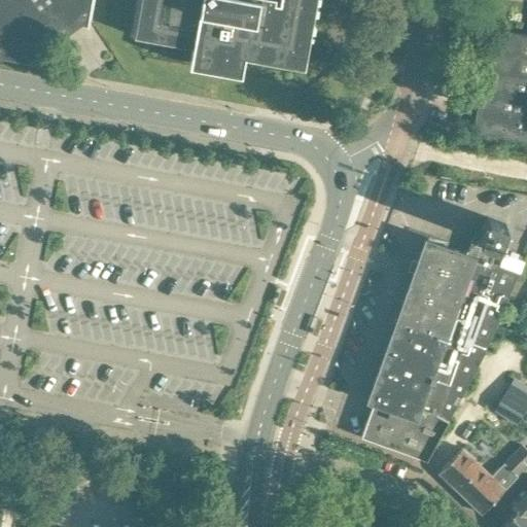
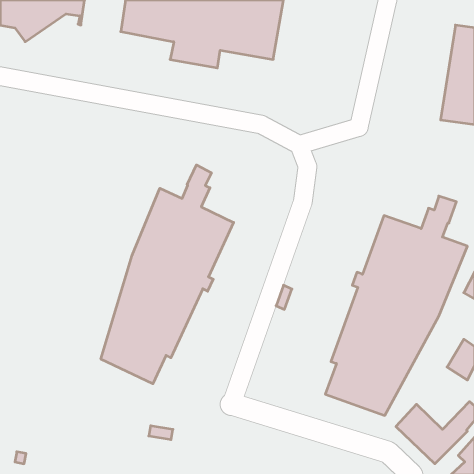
building: none -> [101,165,234,384]

